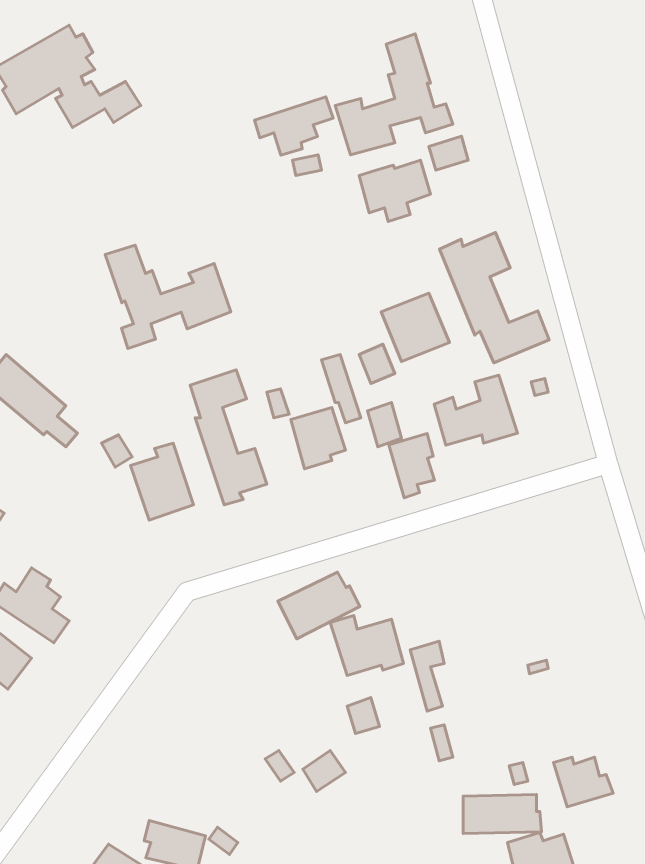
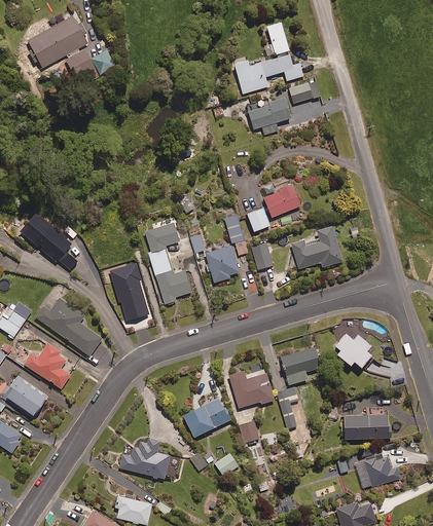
building: [255,97,333,155] -> none
building: [439,233,549,363] -> none
building: [105,245,231,349] -> none
building: [389,433,435,498] -> none
building: none -> [38,298,103,355]
building: none -> [333,334,371,369]
building: [278,572,360,639] -> [182,399,231,439]
building: none -> [281,348,320,385]
building: none -> [119,440,171,480]
building: [463,794,542,834] -> [344,416,391,440]

